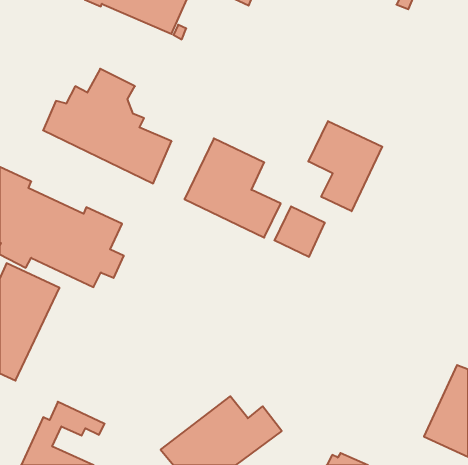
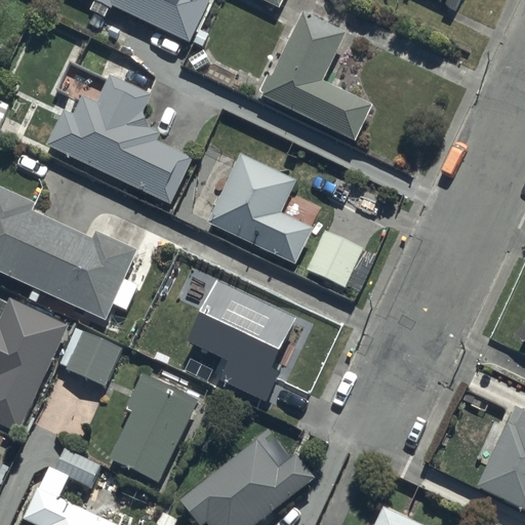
building: none -> [259,11,370,140]
building: [308,121,382,211] -> none
building: none -> [187,276,295,397]
building: none -> [59,329,124,387]
building: none -> [109,374,198,483]

